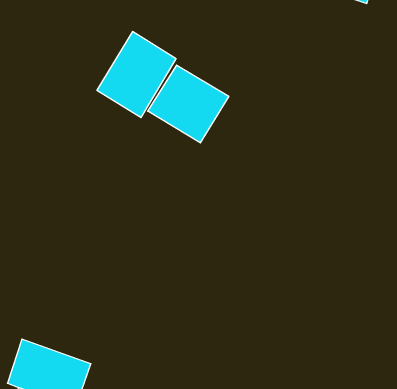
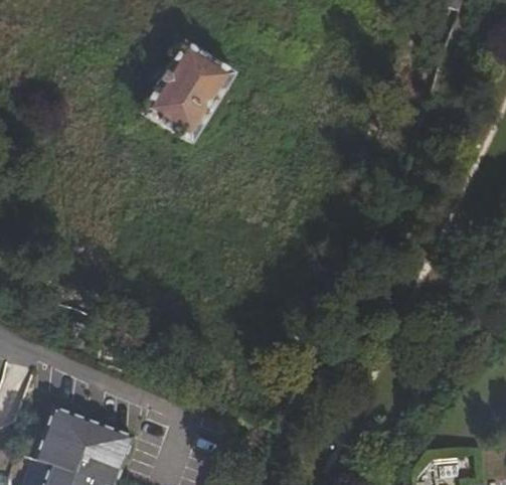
building: [148,65,229,143] -> none

